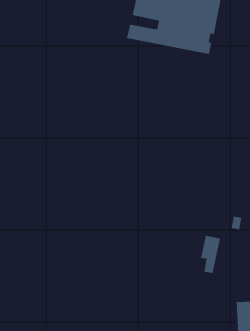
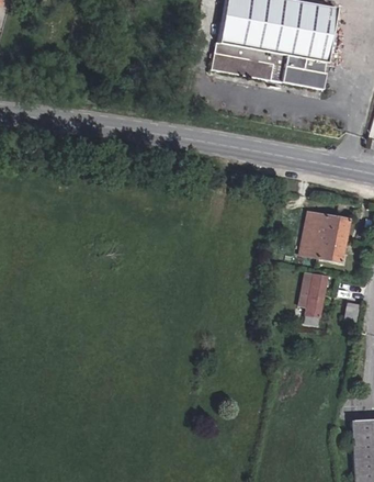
building: none -> [302,211,348,262]
building: [200,235,221,274] -> [299,273,327,325]

